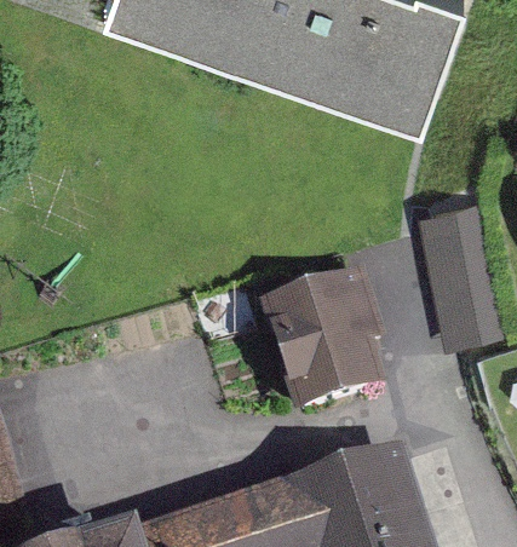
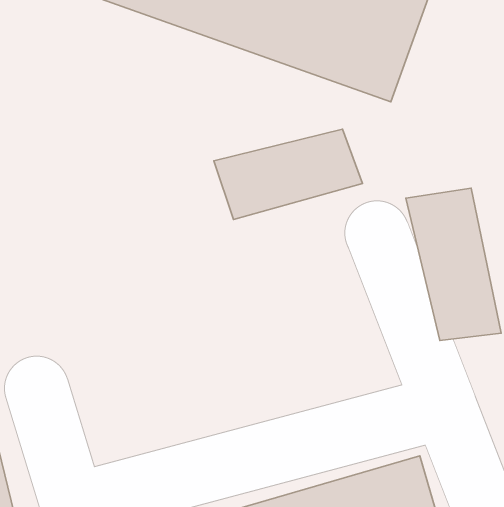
building: none -> [214,129,363,219]
building: [264,272,392,419] -> none

